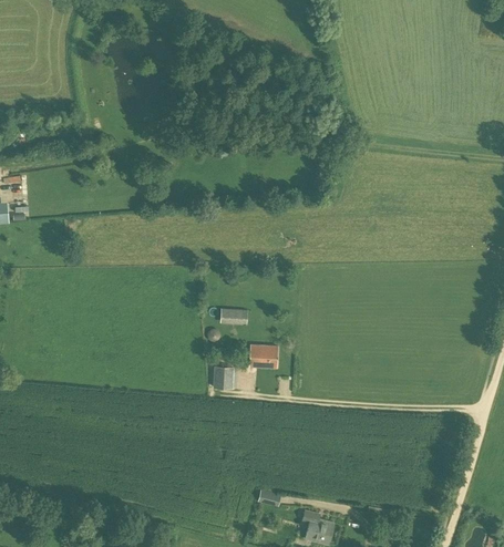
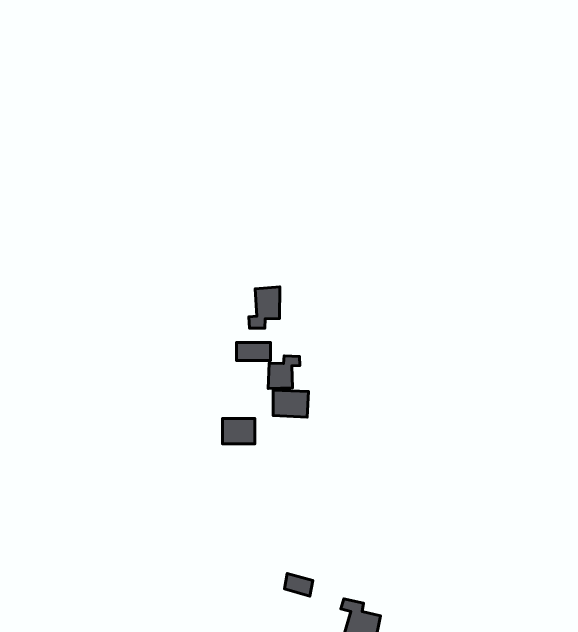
building: none -> [249,287,280,328]
building: none -> [268,356,300,388]

